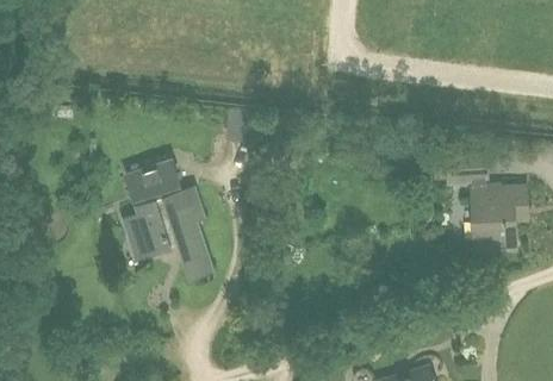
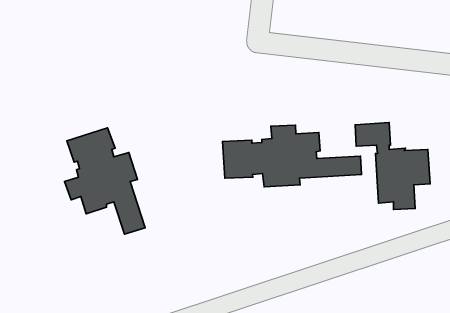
building: none -> [223,125,361,187]

